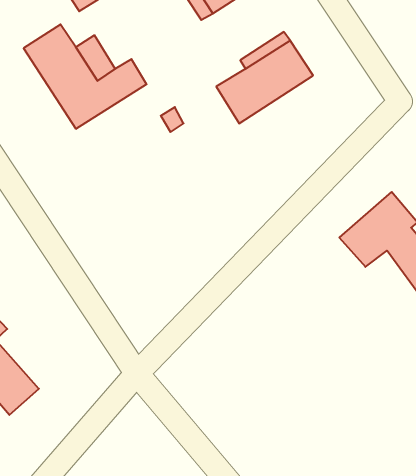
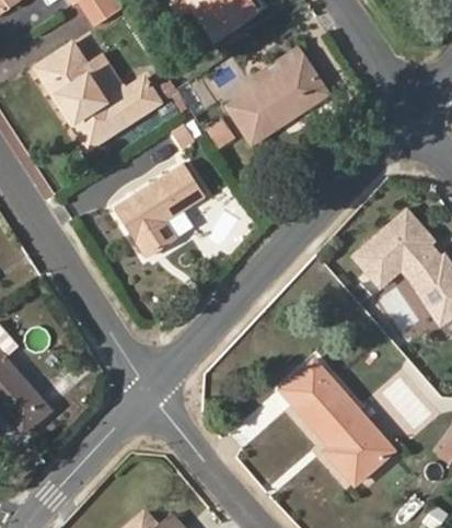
building: none -> [116,164,202,255]
building: none -> [280,363,391,486]

